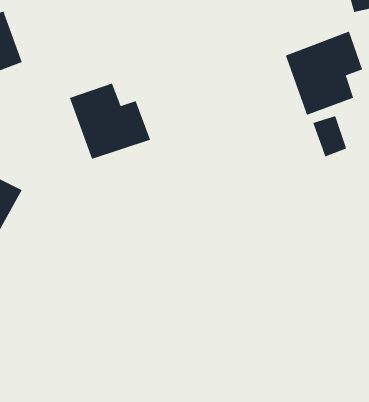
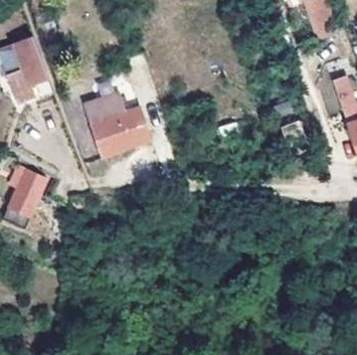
building: [285,30,363,116] -> none

